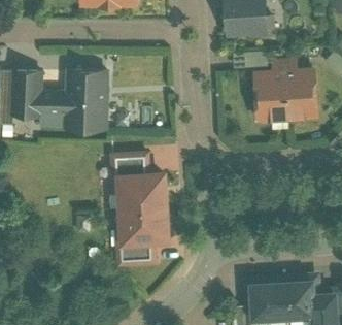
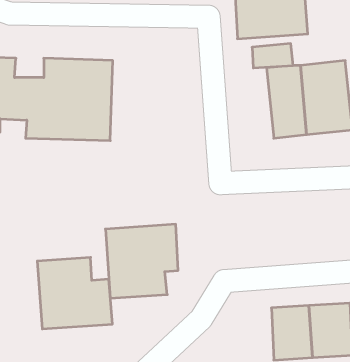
building: [105,150,169,210] -> [37,257,112,329]

